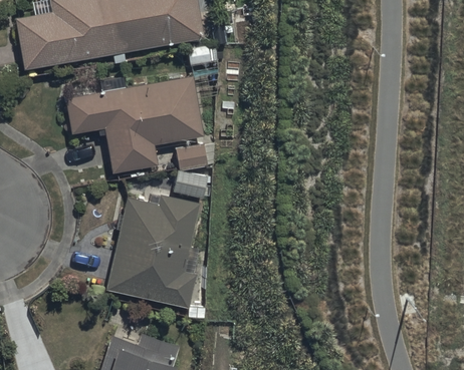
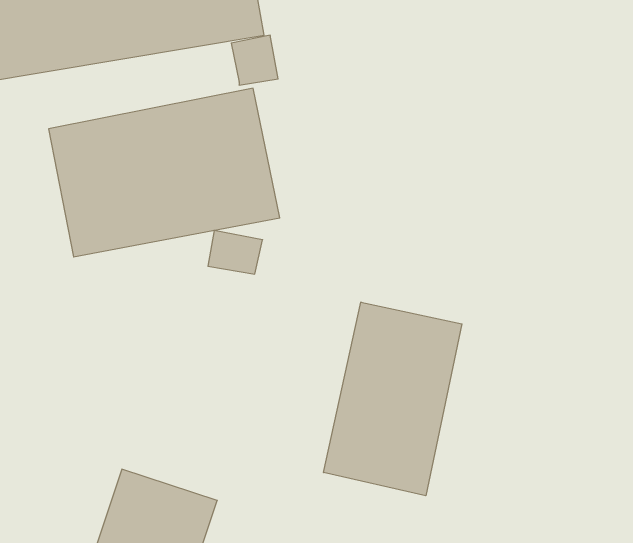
building: [110,190,206,307] -> none
building: none -> [324,302,462,496]

